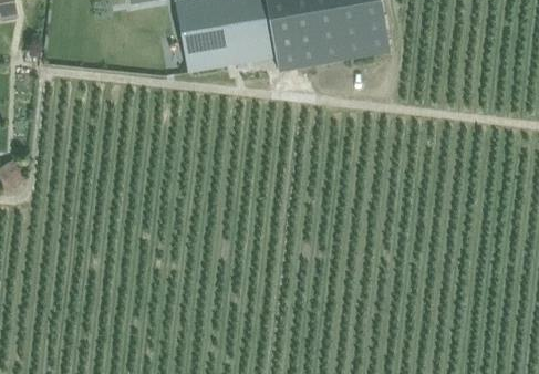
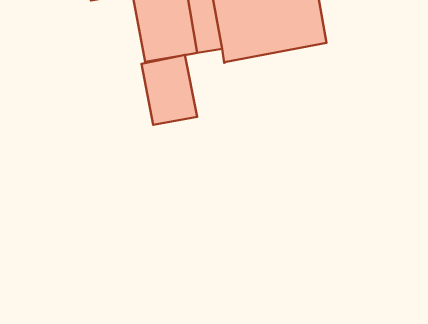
building: none -> [142,55,197,125]

